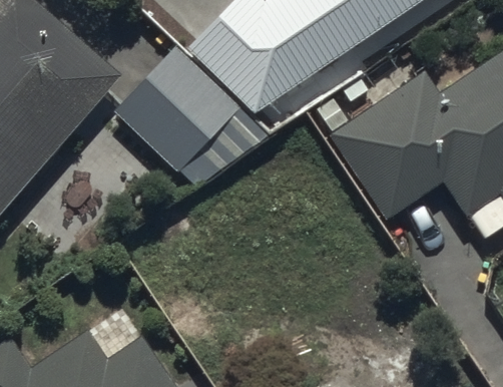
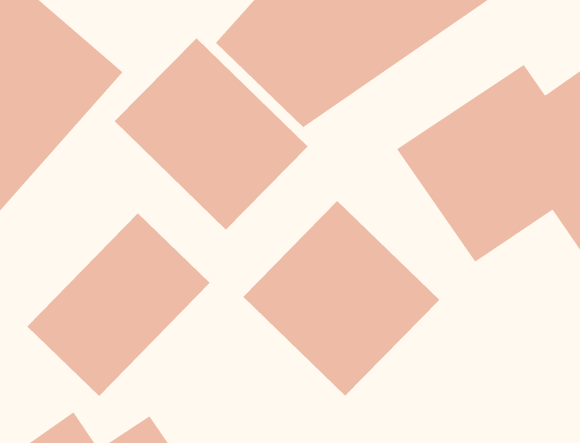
building: none -> [243,200,440,397]
building: none -> [26,212,210,397]

